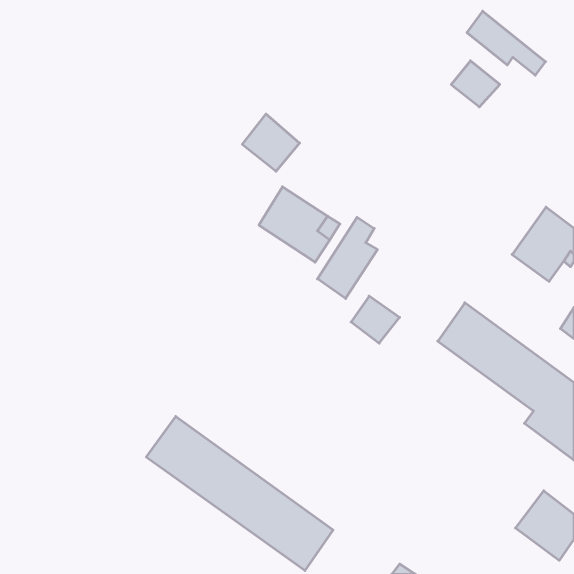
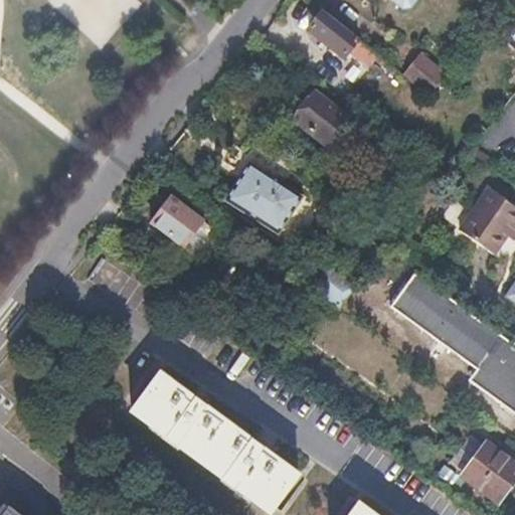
building: [467,11,546,75] -> [310,11,380,68]
building: [242,114,300,171] -> [296,93,347,144]
building: [317,217,377,299] -> none
building: none -> [151,195,203,244]

